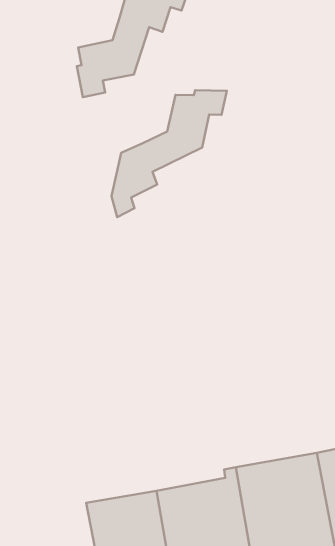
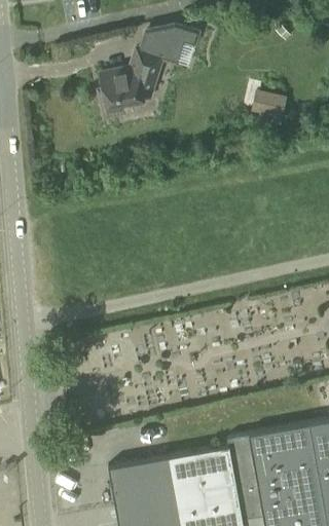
building: none -> [250,93,286,121]
building: [112,90,227,217] -> none

